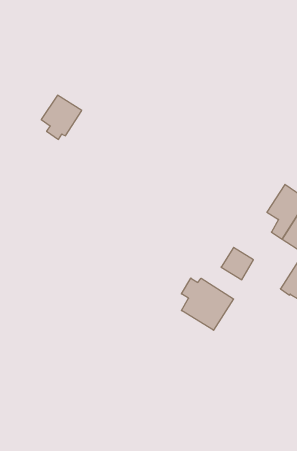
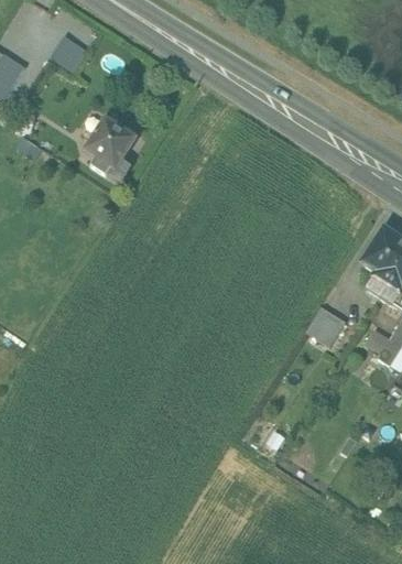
building: none -> [51,32,87,68]
building: [181,278,234,330] -> none

